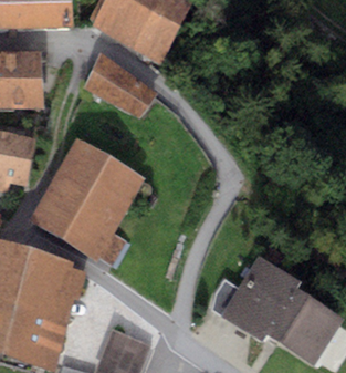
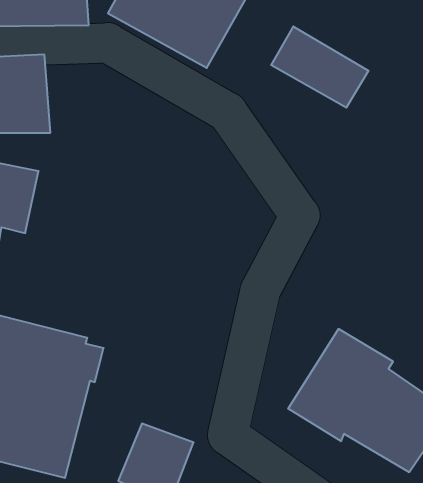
building: [84,55,157,116] -> [271,26,369,108]
building: [28,136,143,262] -> none

